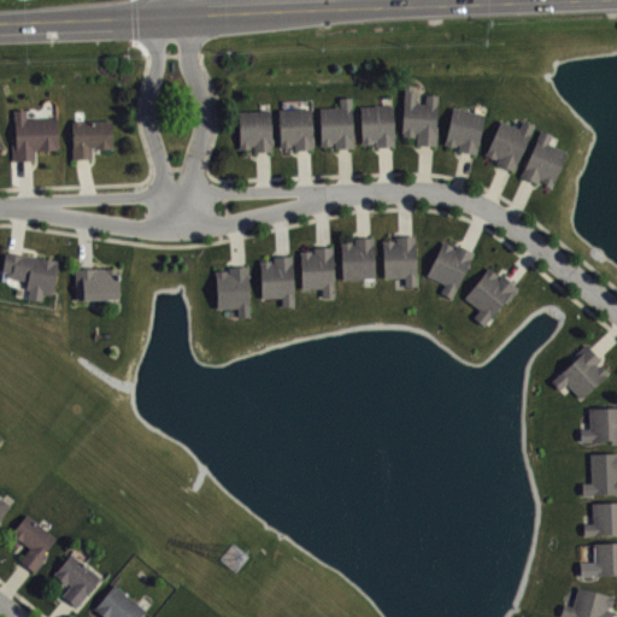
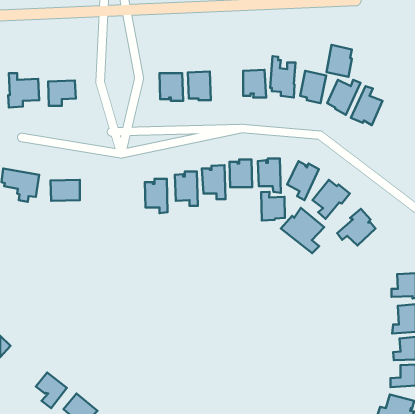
building: none -> [326,45,352,77]
building: [321,98,354,149] -> none
building: none -> [261,192,285,221]
building: none -> [281,208,324,253]
building: [552,345,609,399] -> [337,209,375,245]
building: [12,515,57,572] -> none

